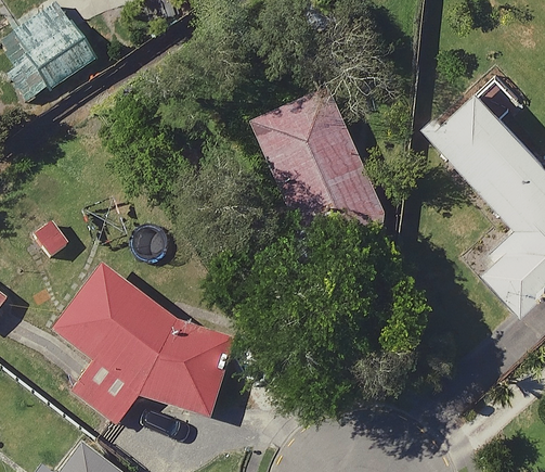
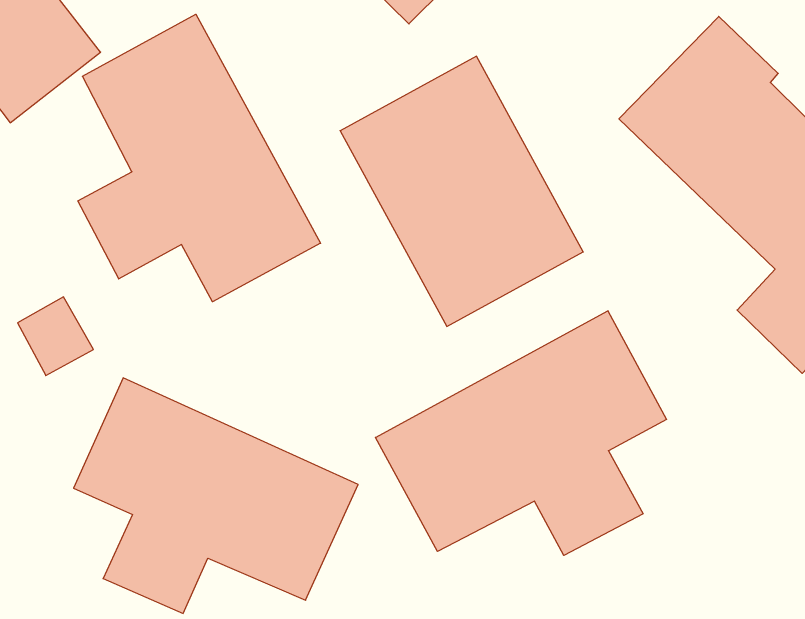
building: none -> [78,14,321,302]
building: none -> [375,311,667,555]

